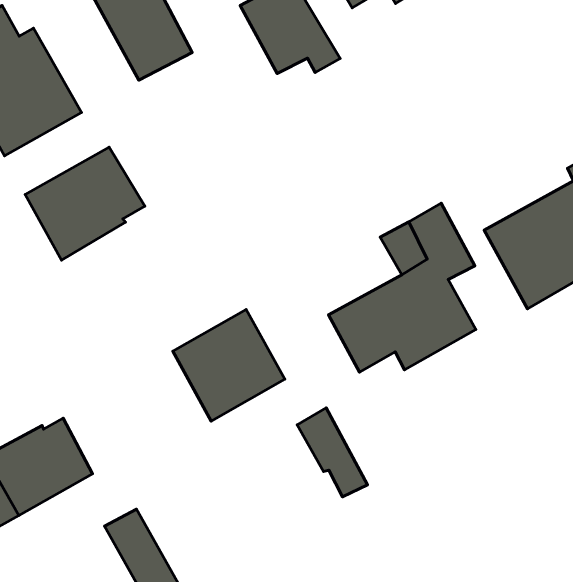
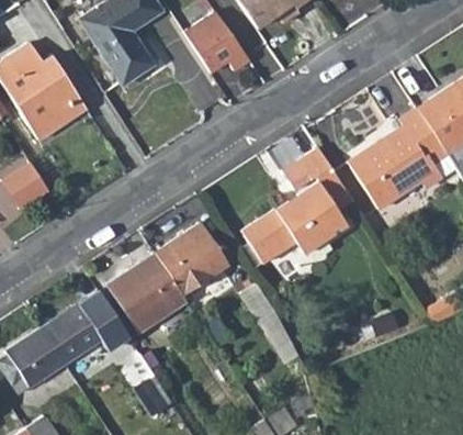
building: [25,147,145,260] -> none
building: none -> [108,254,187,333]

